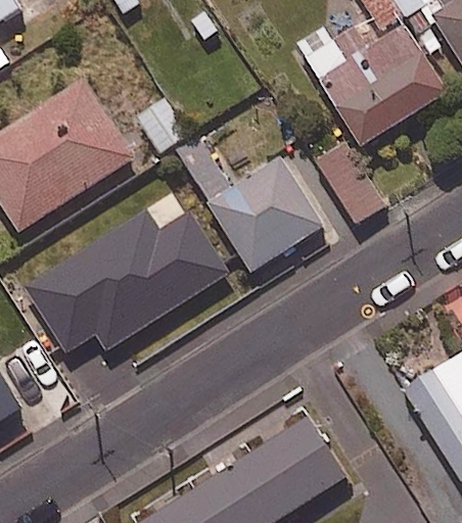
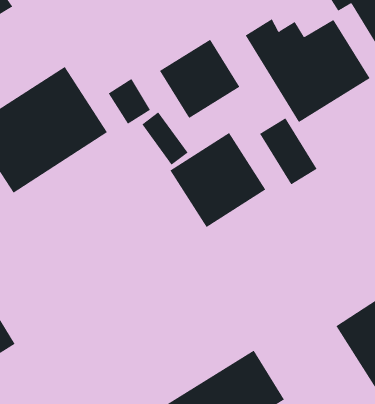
building: none -> [159,39,240,119]
building: [24,209,227,349] -> none

